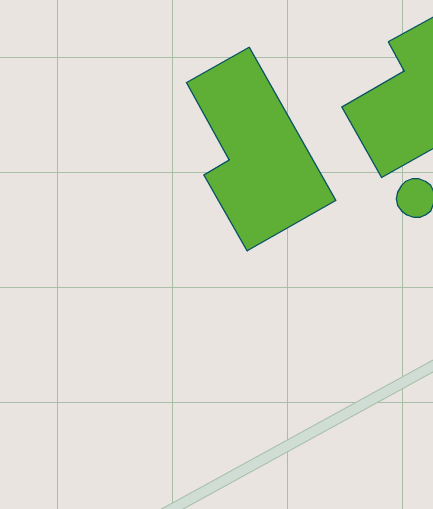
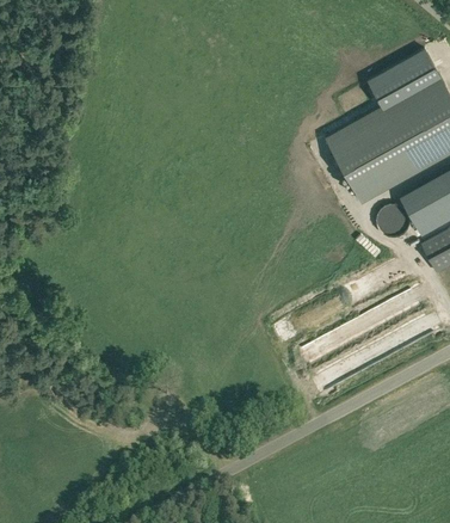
building: [186,47,336,251] -> none

